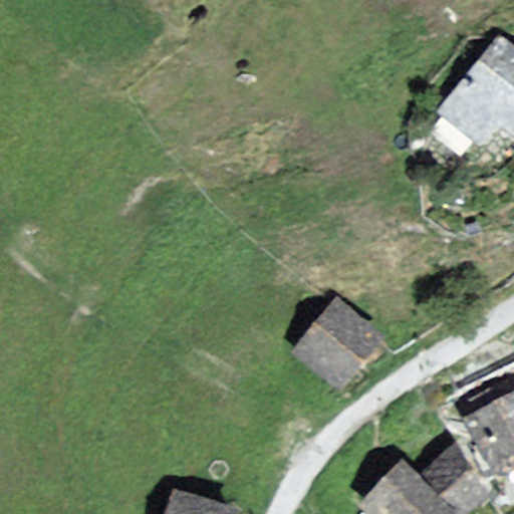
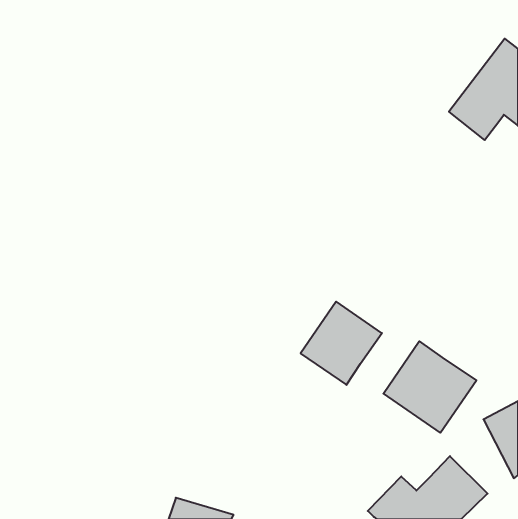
building: none -> [383,341,476,433]

